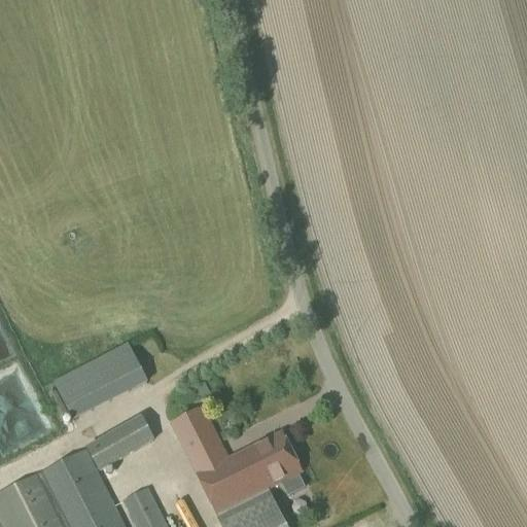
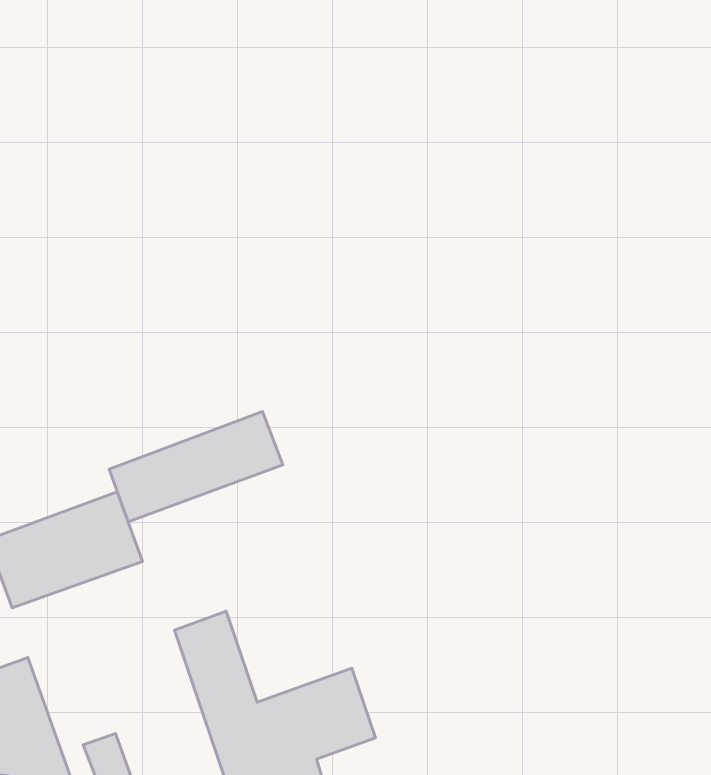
building: none -> [109,411,283,522]
building: [84,416,153,471] -> none

